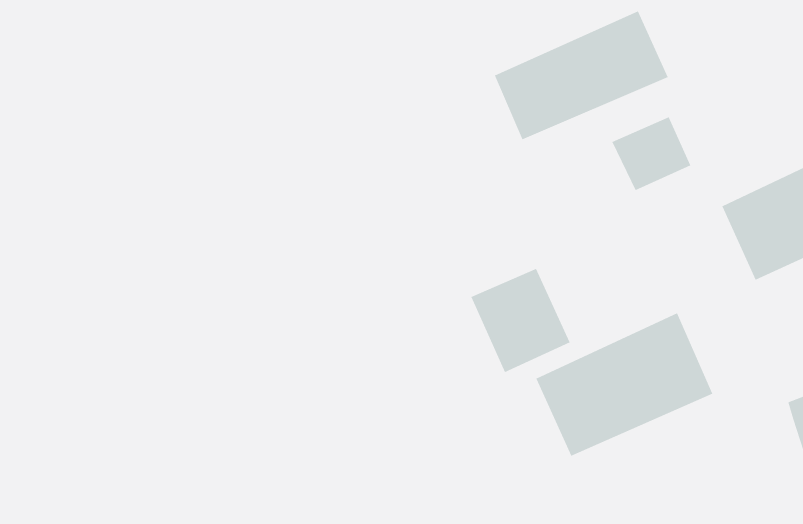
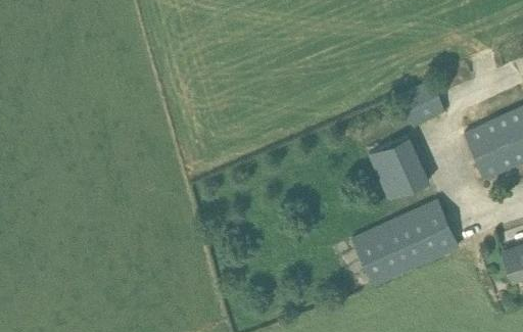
building: [494,11,668,140] -> none
building: [471,268,570,373] -> [368,137,428,200]

